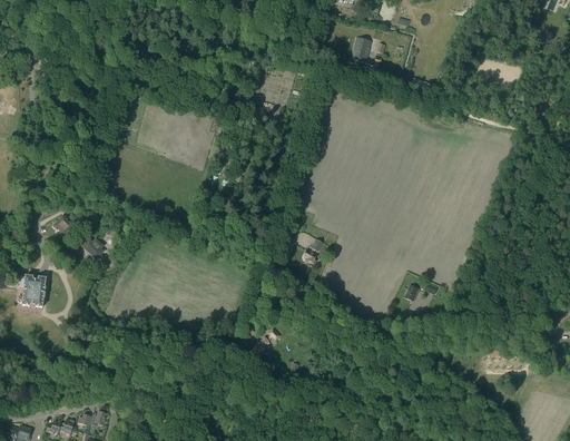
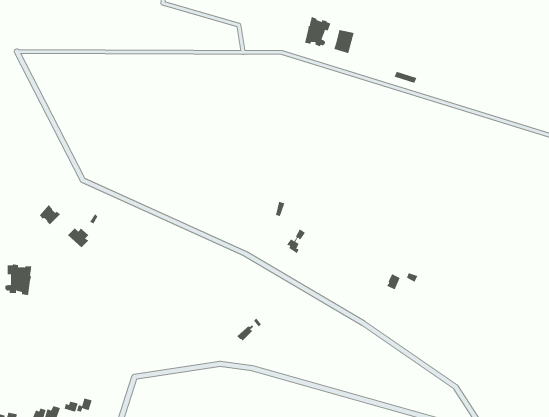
building: none -> [304,16,331,47]

